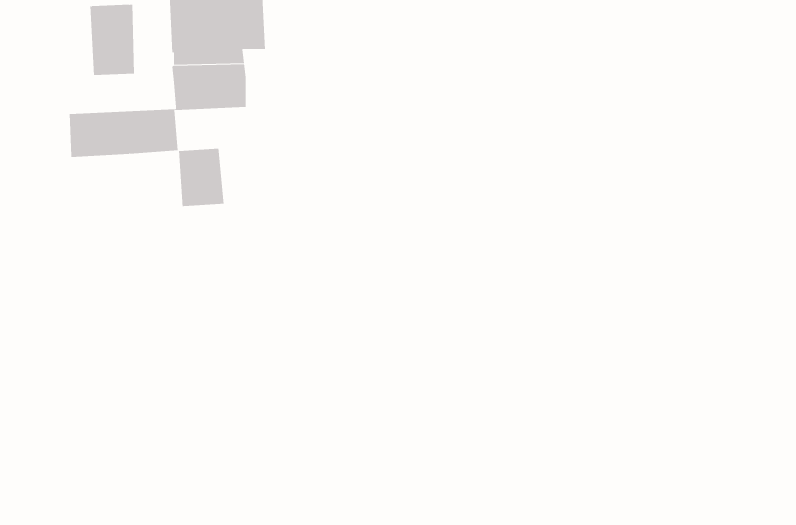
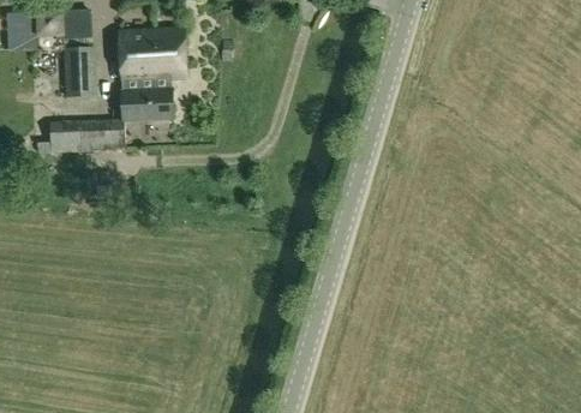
building: [179,148,224,207] -> none

